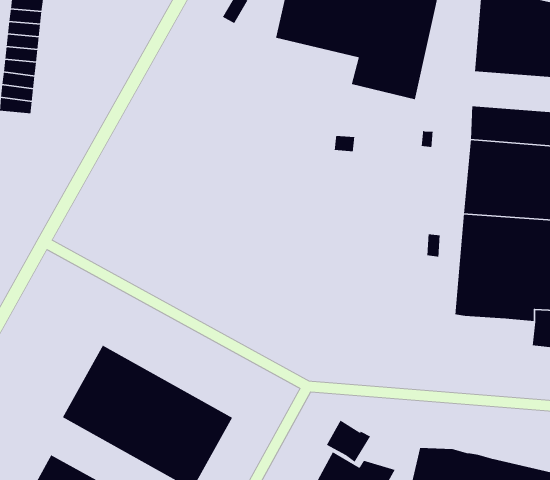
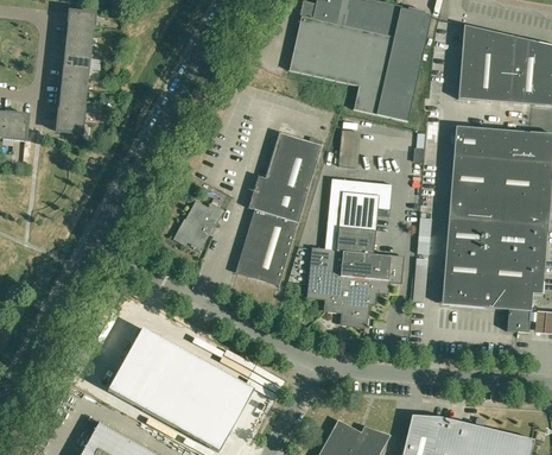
building: none -> [237,132,322,283]
building: none -> [307,177,401,326]
building: none -> [182,200,224,251]
building: [326,419,371,463] -> none

